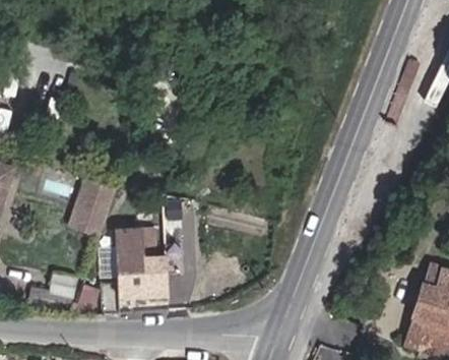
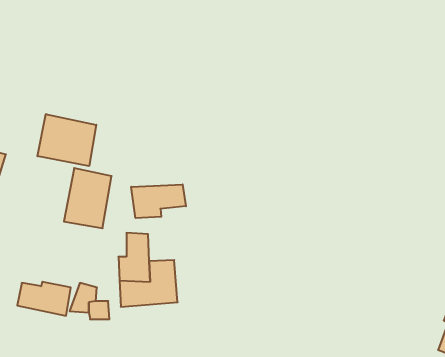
building: none -> [37,114,96,166]
building: none -> [131,184,186,218]

